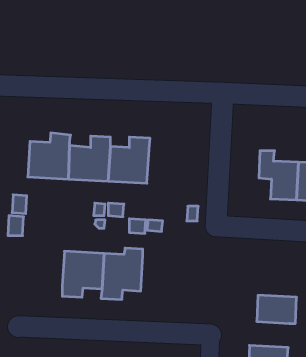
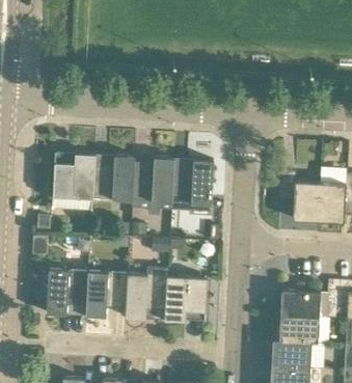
building: none -> [170,160,212,206]
building: none -> [45,268,88,314]
building: none -> [164,275,207,322]
building: none -> [280,291,320,317]
building: none -> [272,340,312,366]

